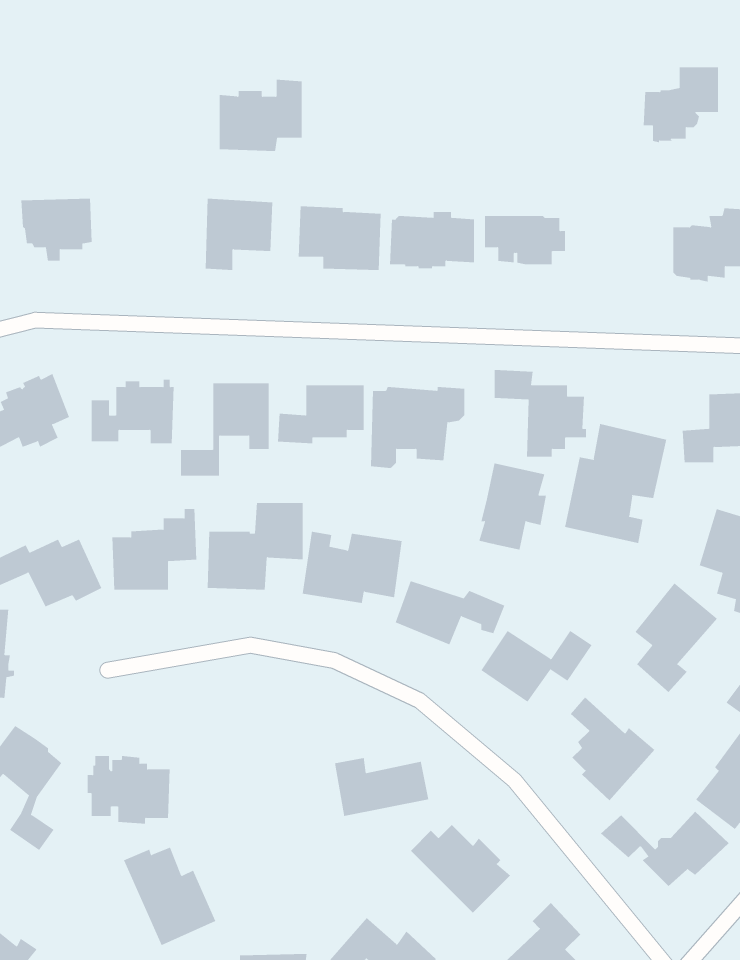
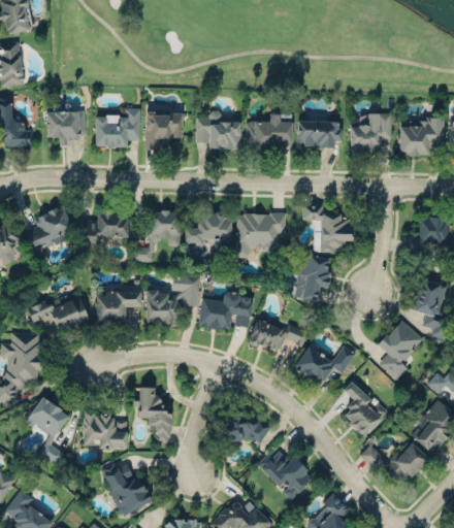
building: [643,67,719,143] -> [350,113,391,155]
building: [219,79,302,151] -> [95,108,140,147]
building: [564,423,667,544] -> none
building: none -> [137,388,171,442]

